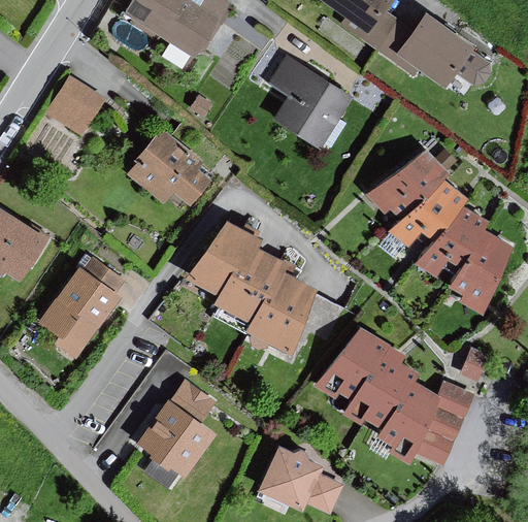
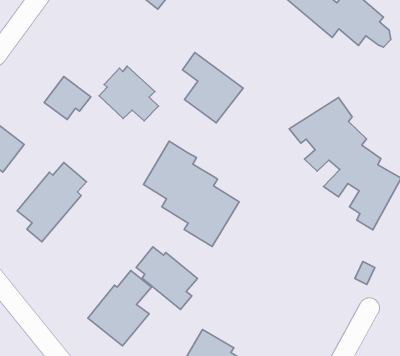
building: [273,60,350,144] -> [183,53,243,123]
building: [47,78,104,131] -> [44,76,91,119]
building: [318,330,467,464] -> none
building: none -> [136,247,197,309]

